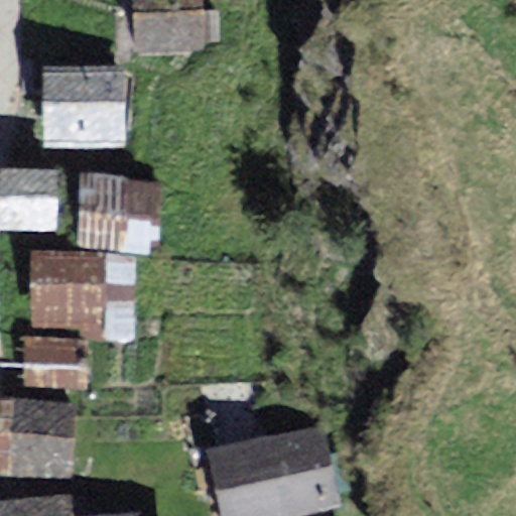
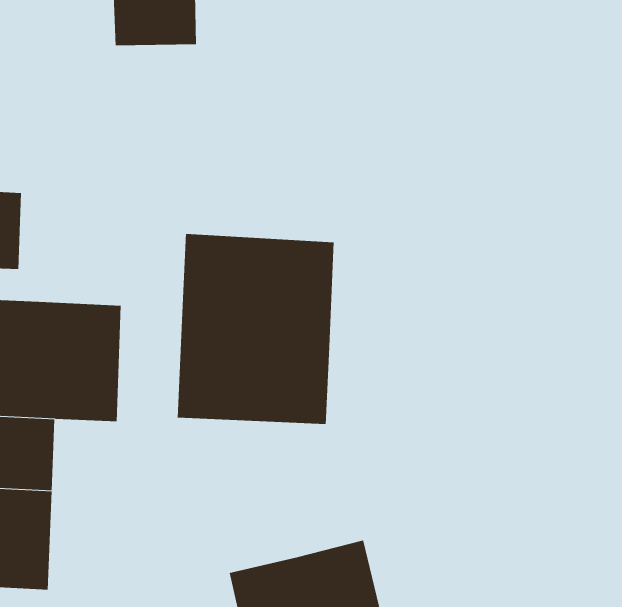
building: [46,75,125,145] -> none
building: [71,179,156,253] -> none
building: none -> [177,233,334,425]

